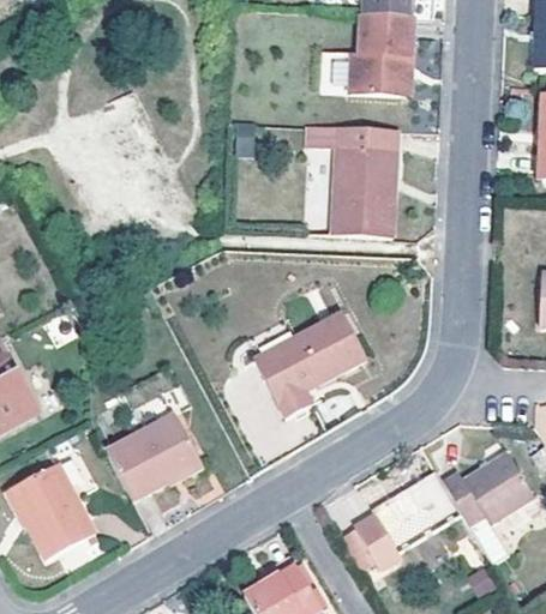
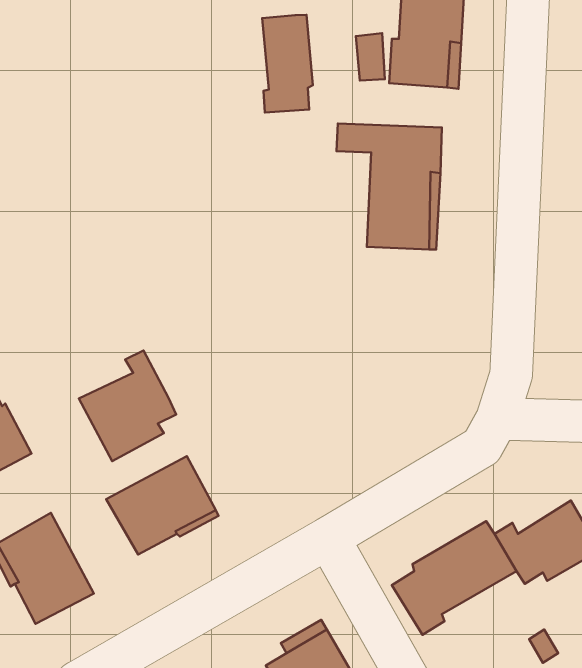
building: none -> [262,15,313,113]
building: [254,312,366,417] -> none
building: none -> [79,351,176,461]

